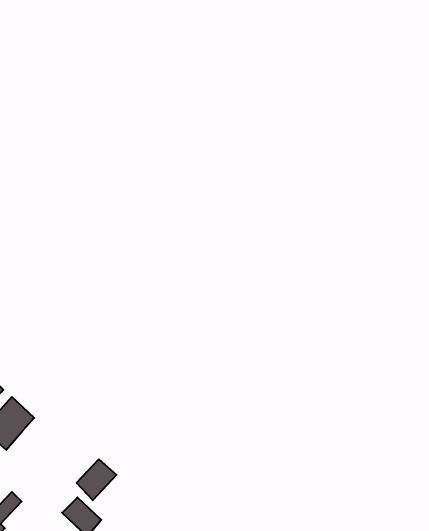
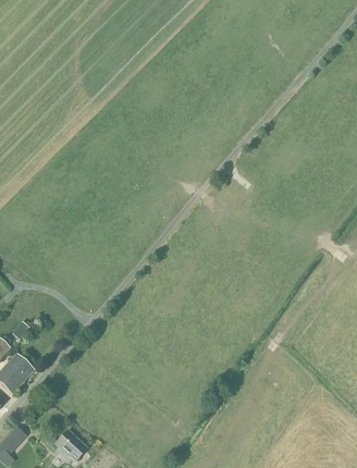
building: [77,459,117,500] -> none

